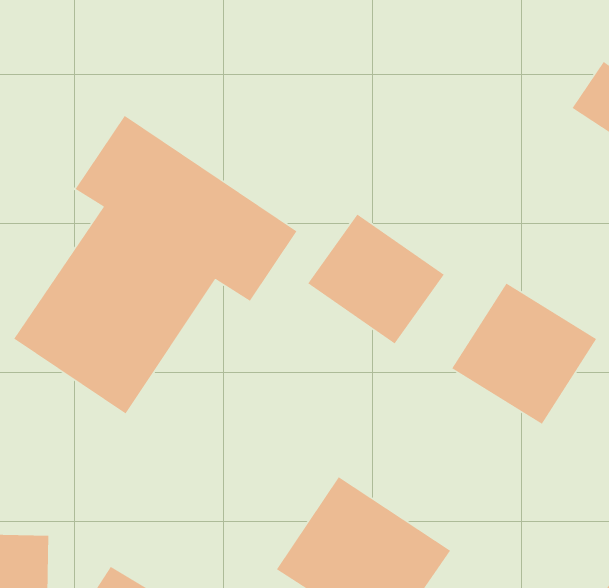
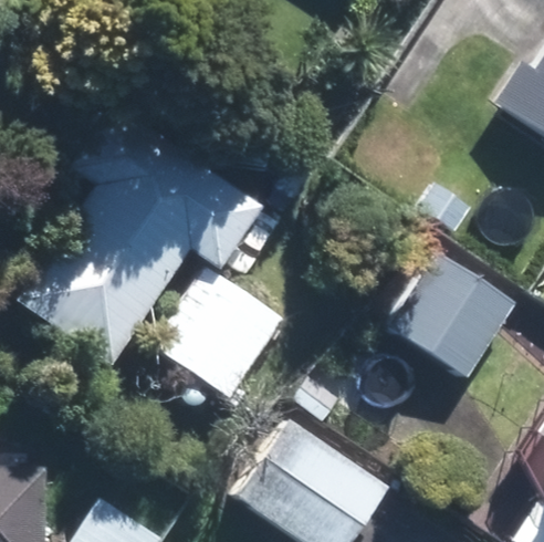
building: [307,214,445,345] -> none
building: none -> [153,268,284,399]

